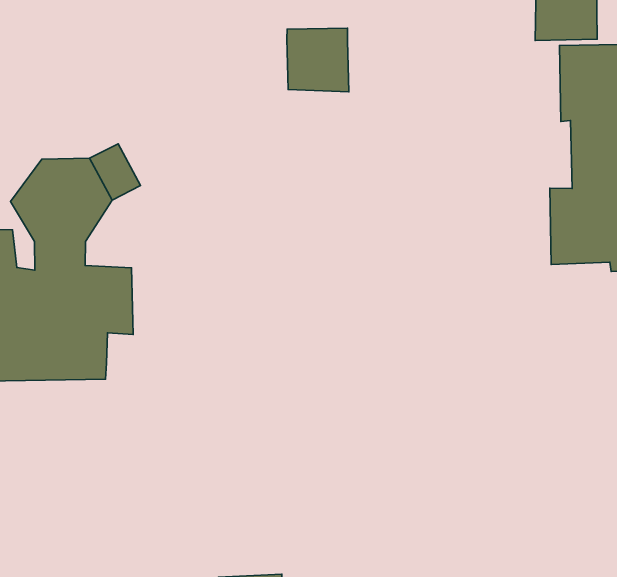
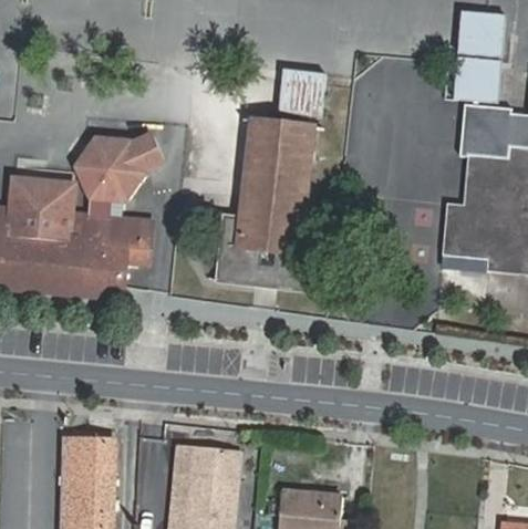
building: none -> [216,120,317,289]

